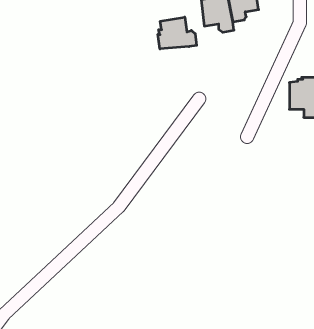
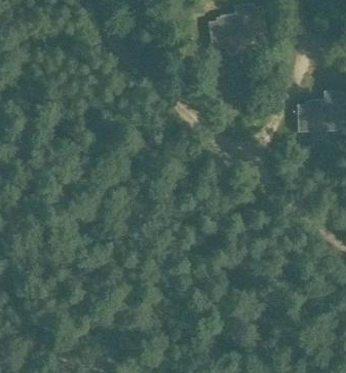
building: [158,17,197,49] -> none

